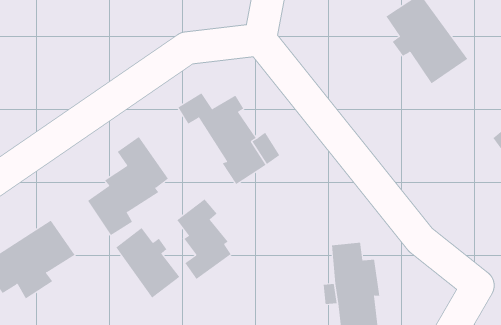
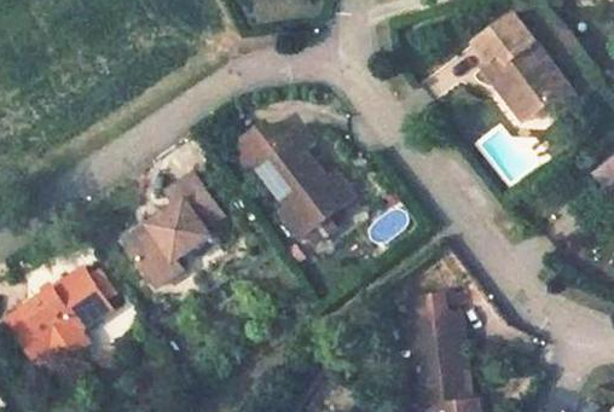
building: [177,198,232,280] -> none
building: [116,227,180,298] -> none

